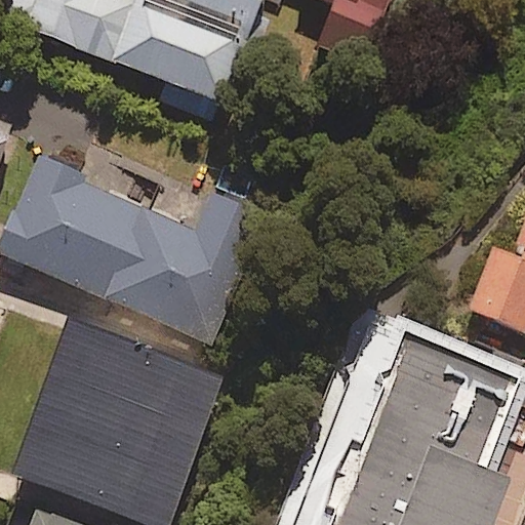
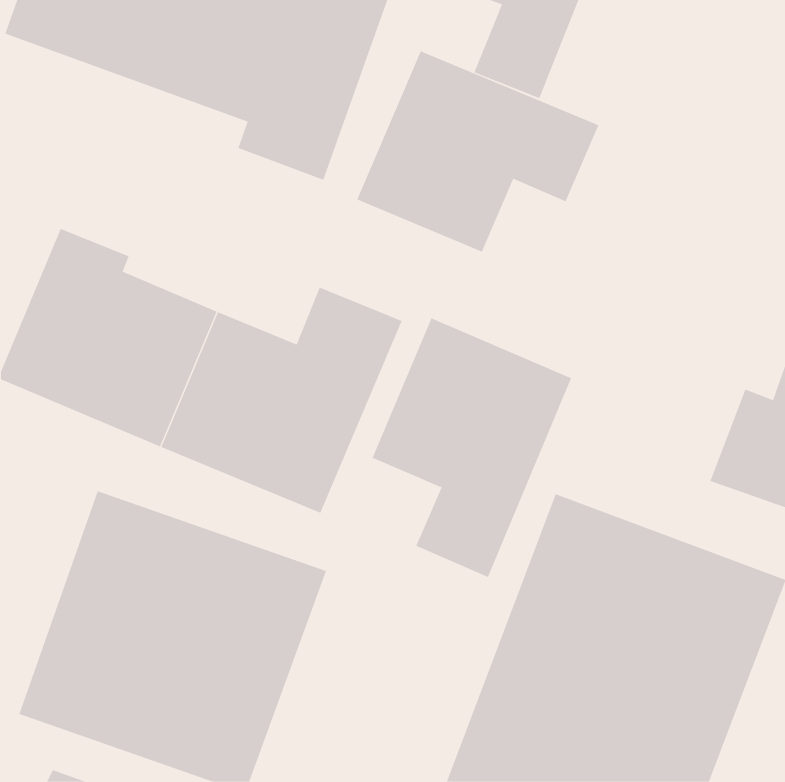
building: none -> [357,50,599,253]
building: none -> [372,317,572,578]

